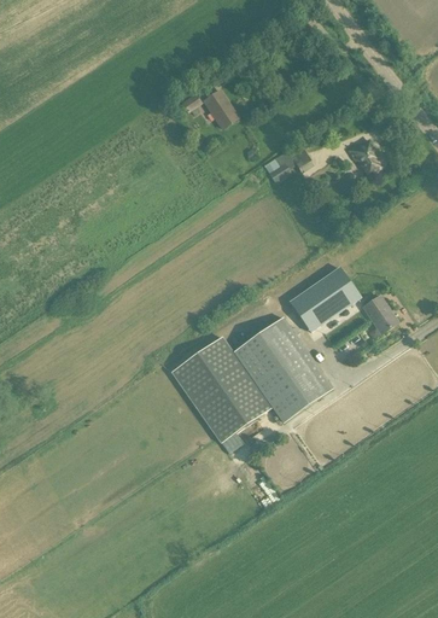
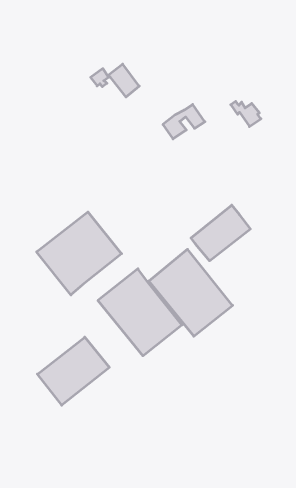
building: none -> [37,212,122,295]
building: [362,295,398,339] -> none
building: none -> [37,337,109,405]

